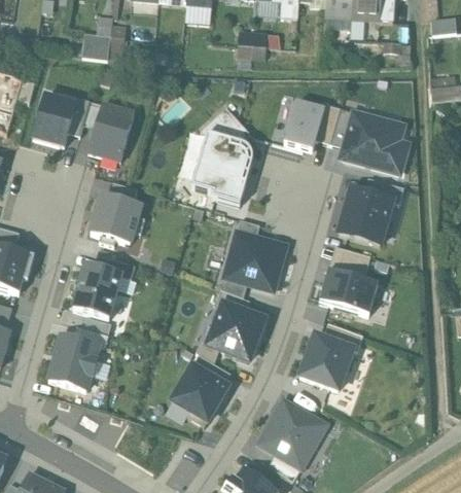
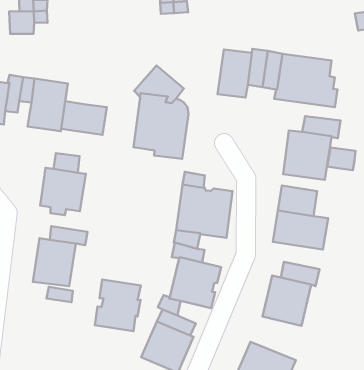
building: none -> [61,101,107,135]
building: none -> [327,148,355,170]
building: [47,334,99,391] -> [95,279,141,331]

